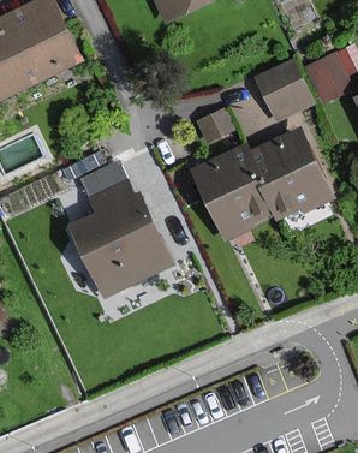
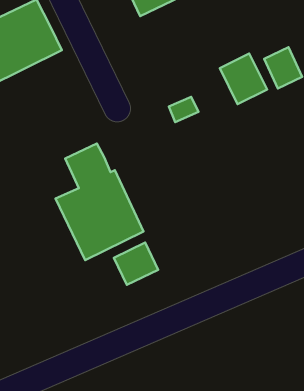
building: [192,130,330,238] -> none
building: none -> [114,243,158,285]

